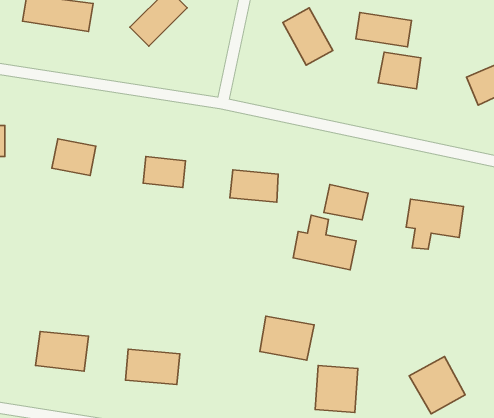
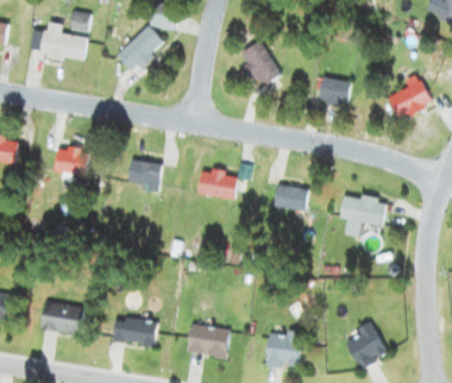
building: [356,13,412,47] -> none
building: [293,215,356,270] -> none
building: [260,316,314,360] -> [187,322,231,358]

